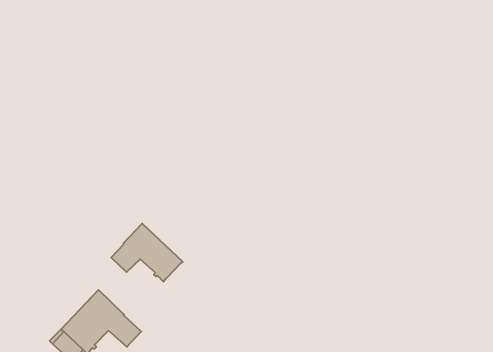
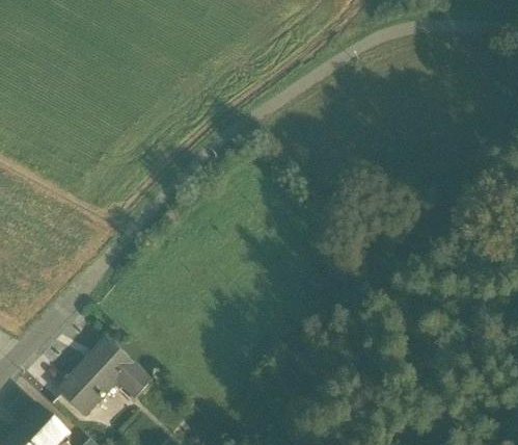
building: [111,223,183,282] -> none

